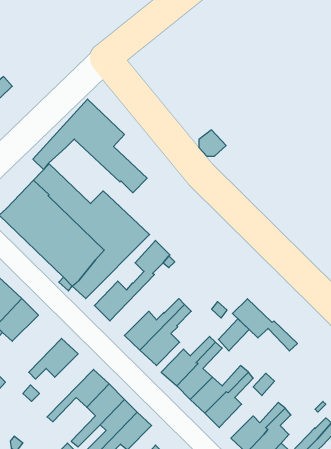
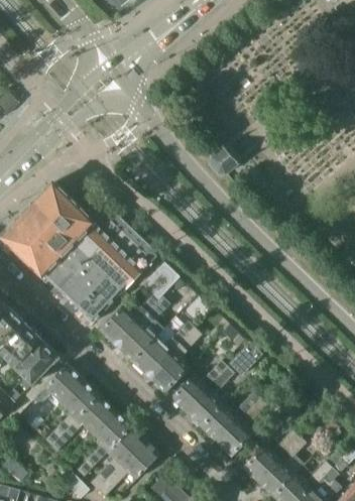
building: [33,99,147,193] -> none
building: none -> [116,296,169,360]
building: [232,299,297,351] -> none
building: none -> [14,339,60,383]
building: none -> [44,379,99,445]

